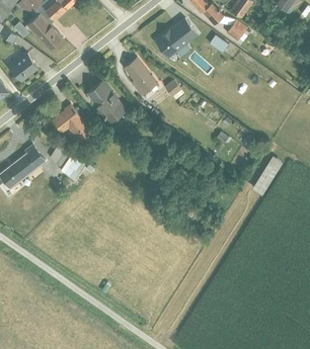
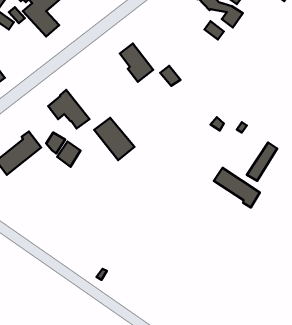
building: [154,17,198,58] -> none
building: [8,51,38,81] -> none
building: [86,80,127,122] -> [94,118,134,160]
building: none -> [214,168,260,208]

